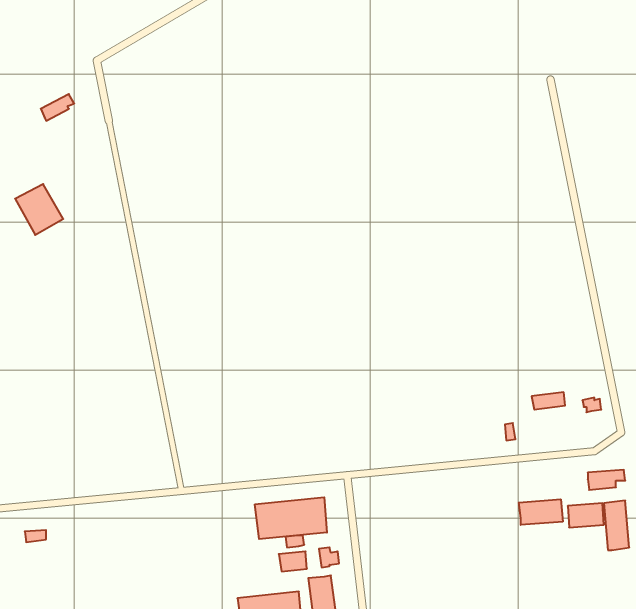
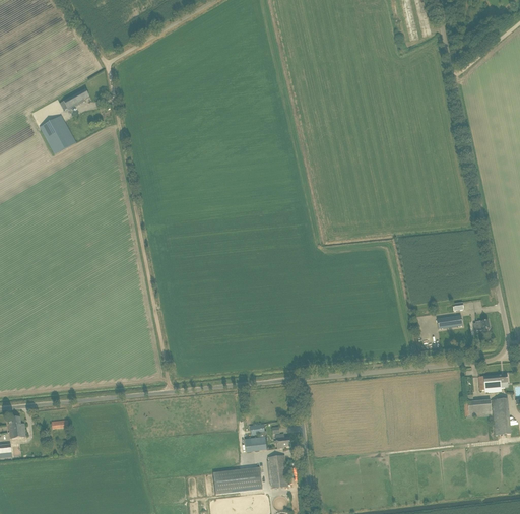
building: [15,184,63,235] -> [39,115,75,153]
building: [255,497,327,539] -> none
building: [519,499,563,525] -> none

